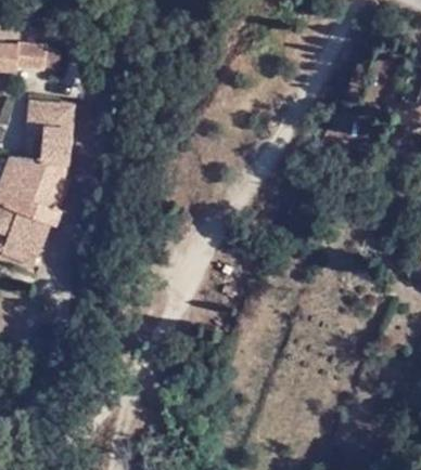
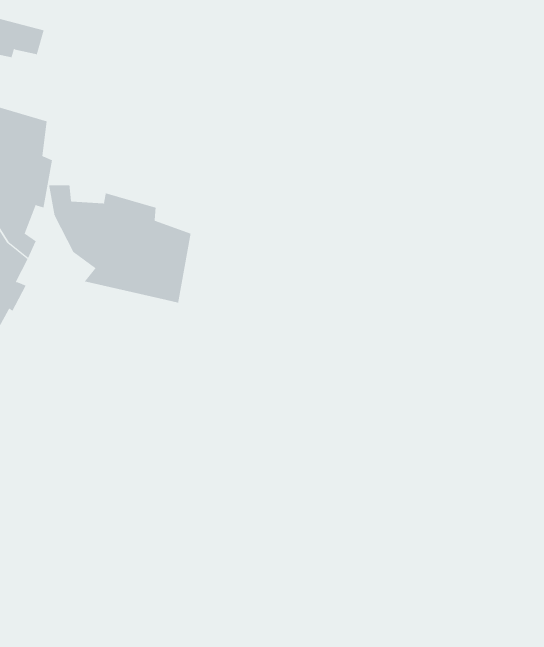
building: none -> [49,184,191,304]

